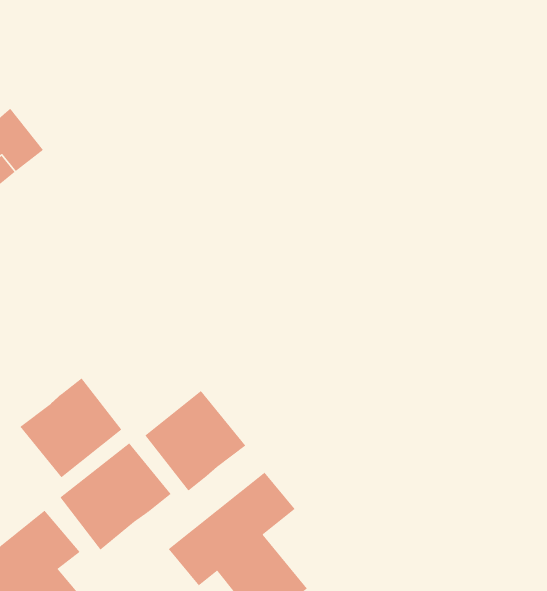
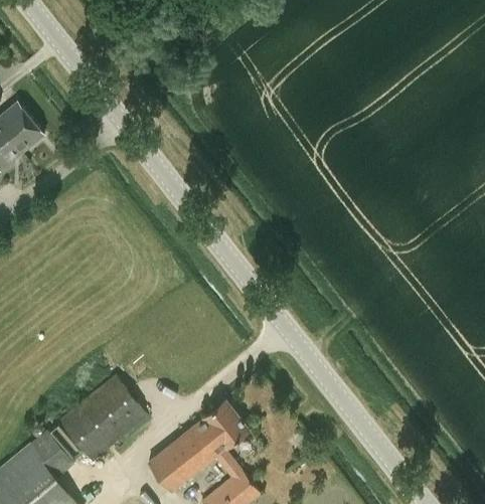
building: [20,377,122,478] -> none
building: [144,390,246,492] -> none

